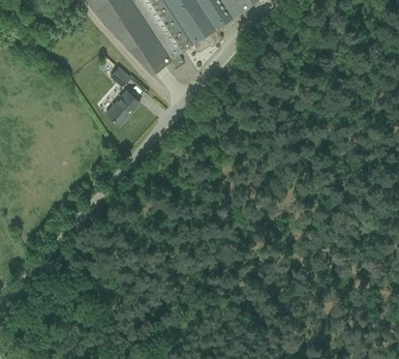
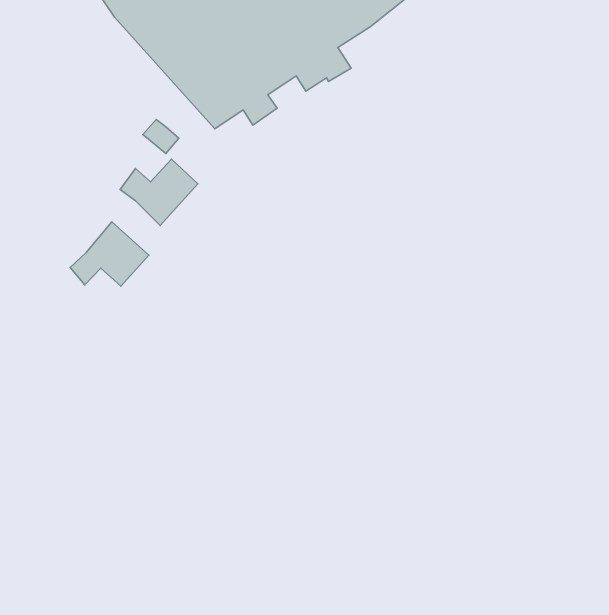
building: none -> [70,222,149,286]

